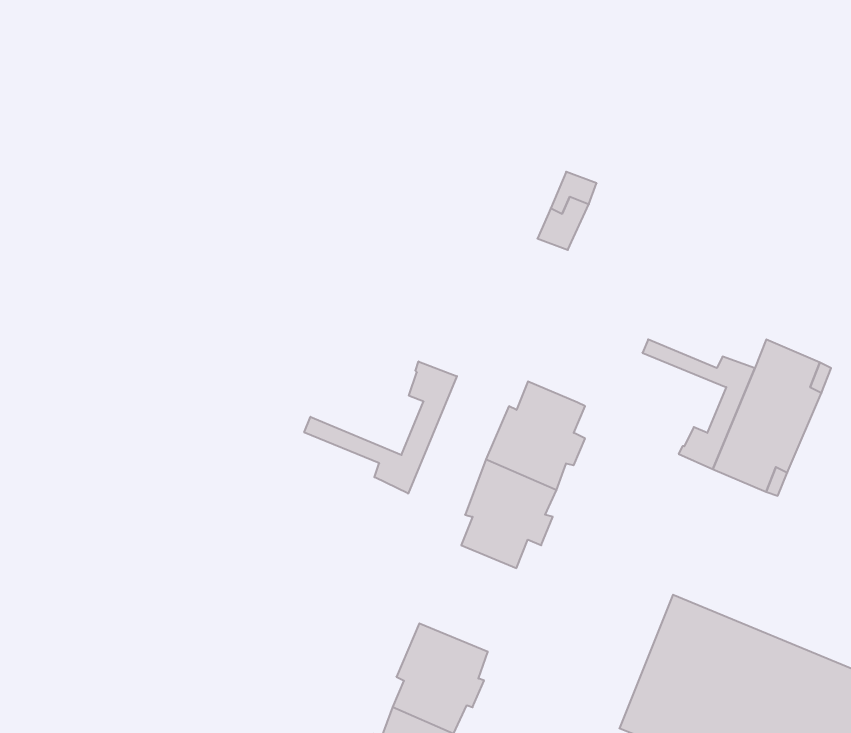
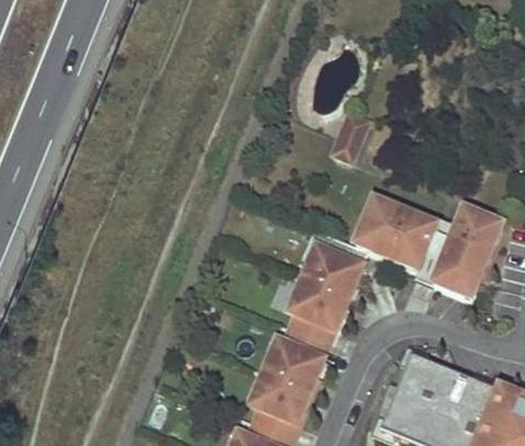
building: none -> [357,198,442,268]
building: [304,361,457,494] -> none
building: none -> [267,325,322,386]

